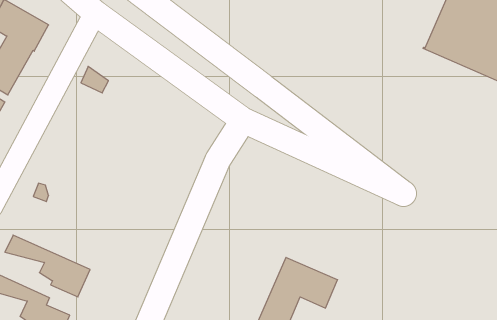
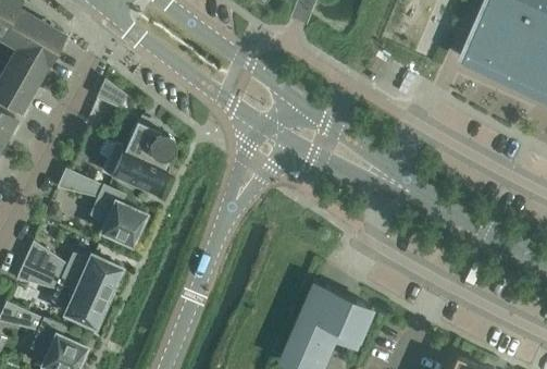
building: none -> [102,121,172,196]
building: none -> [57,171,145,246]
building: none -> [24,243,121,299]

